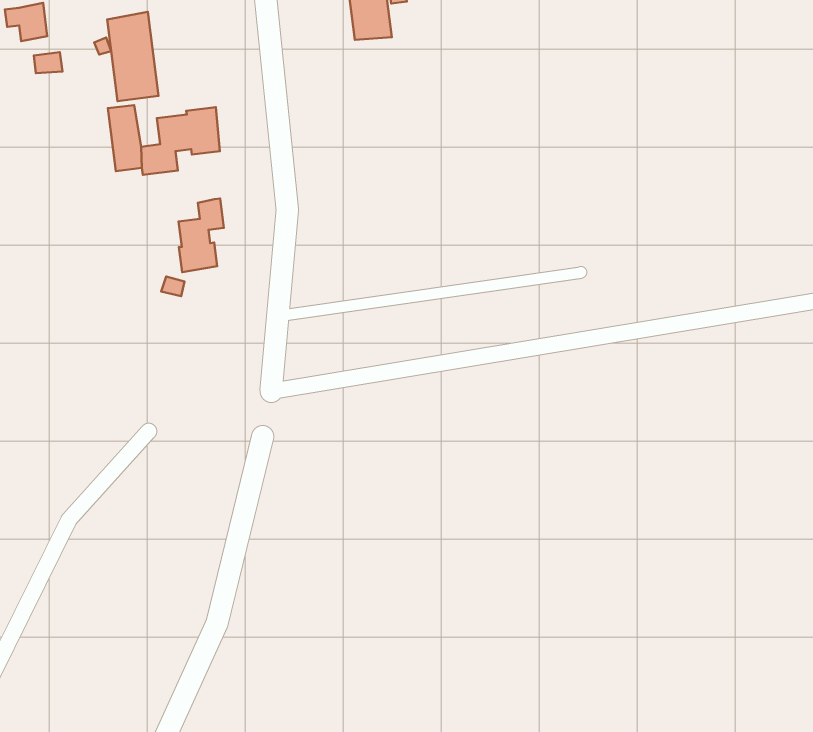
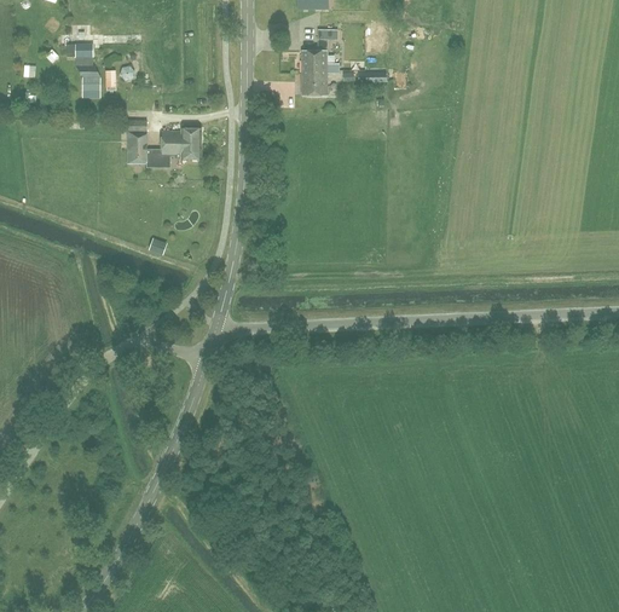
building: [107,12,159,101] -> none
building: [179,198,224,272] -> none

